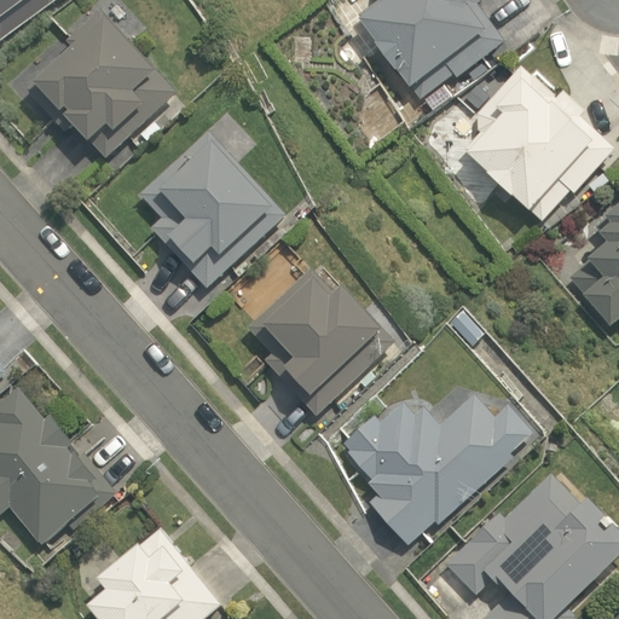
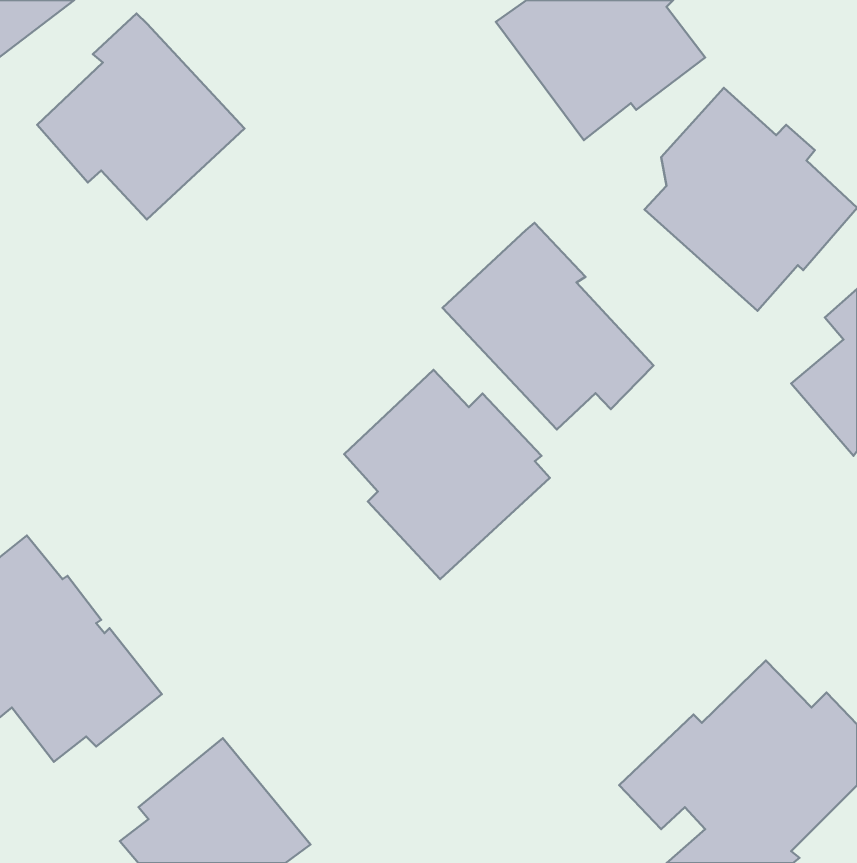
building: [138,131,285,289] -> none
building: none -> [443,223,653,430]
building: [342,395,533,545] -> none

